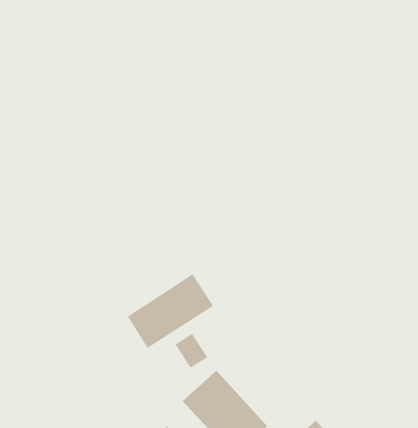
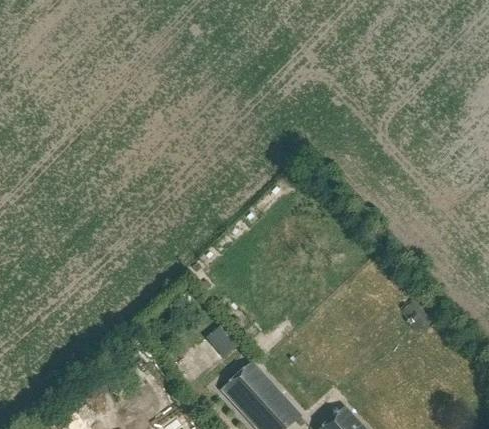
building: [127,274,214,349] -> none

